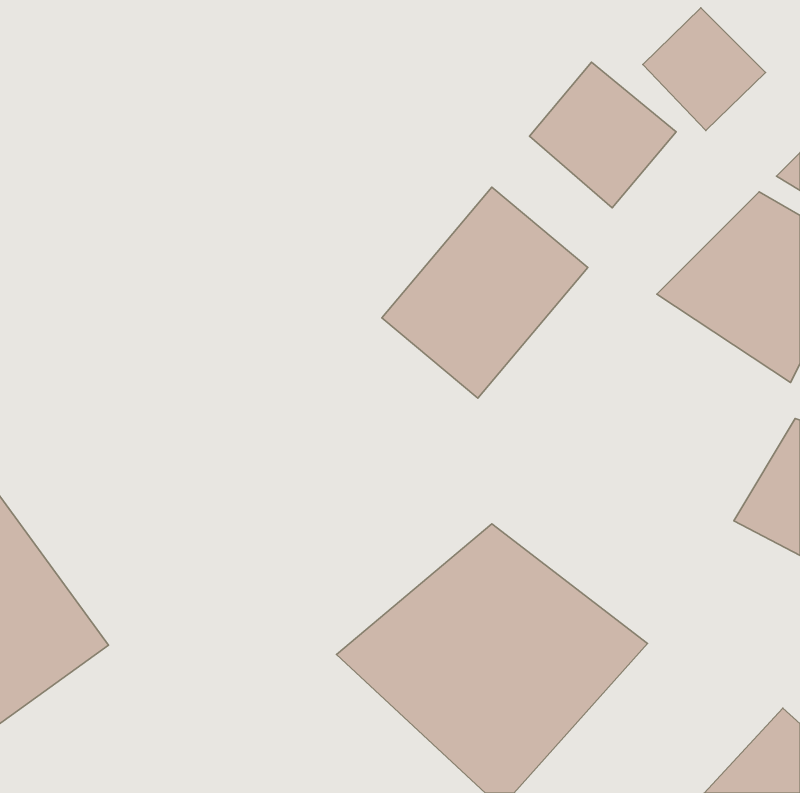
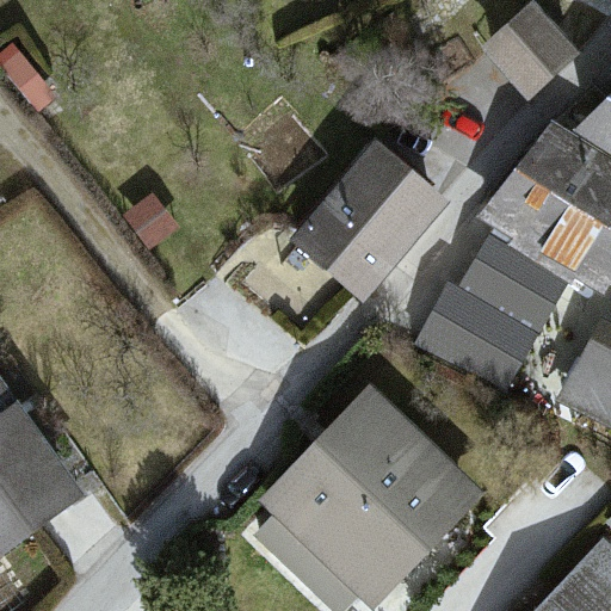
building: [530,62,676,208] -> none
building: none -> [409,234,576,384]

